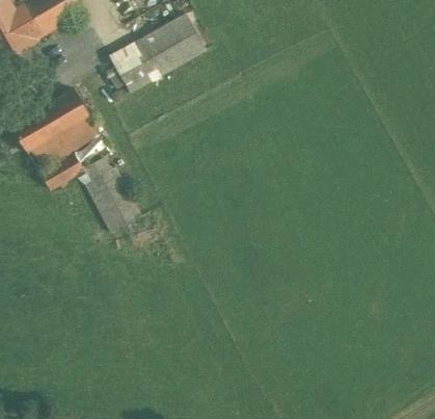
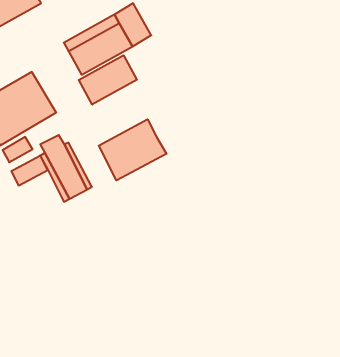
building: none -> [79,55,137,105]
building: none -> [99,119,166,180]
building: none -> [12,155,47,186]

